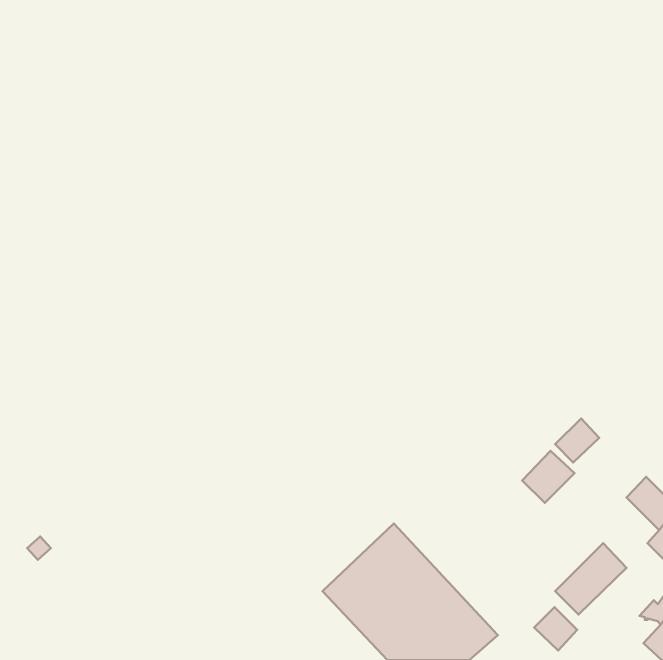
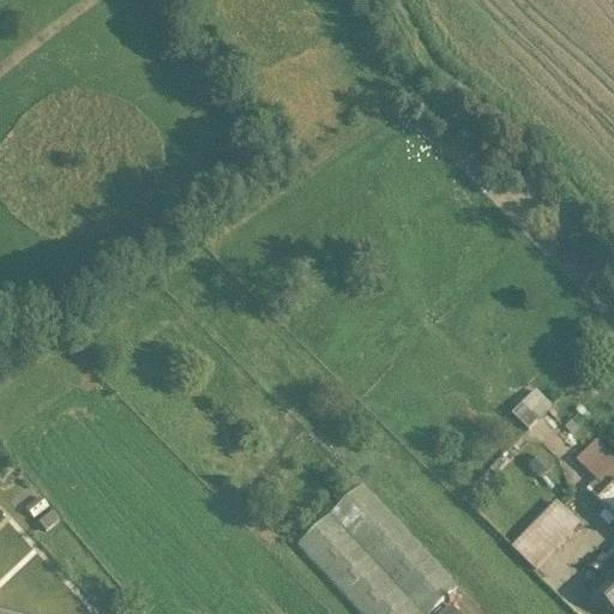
building: [522,451,574,503] -> none
building: [534,607,577,651] -> none

